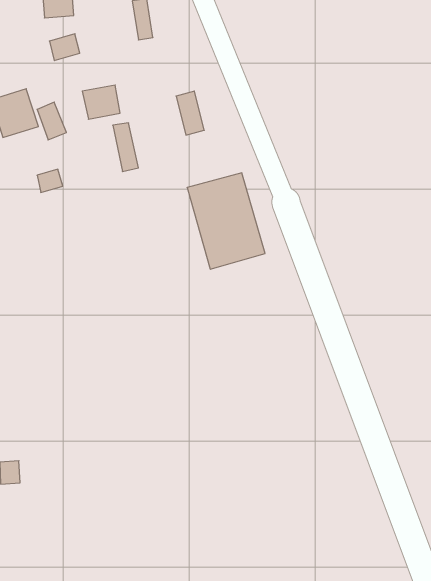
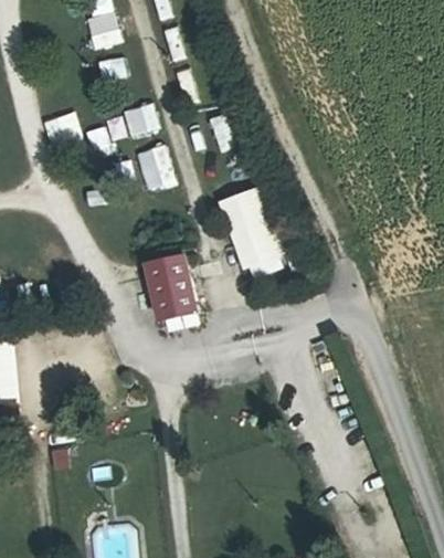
building: none -> [151,252,198,315]

